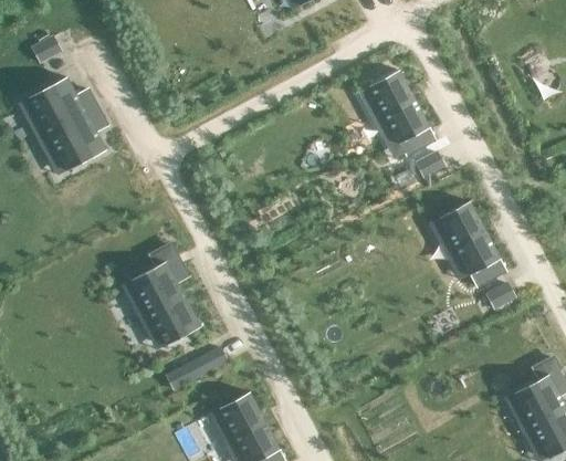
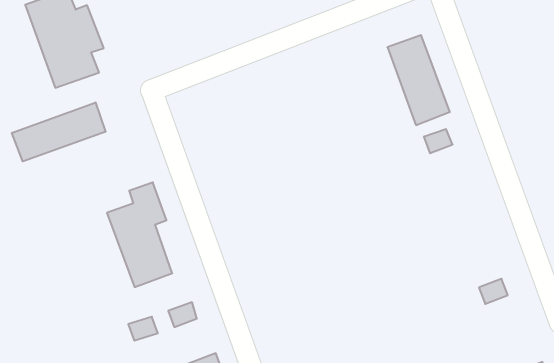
building: none -> [12,102,105,161]
building: [437,202,503,287] -> none

